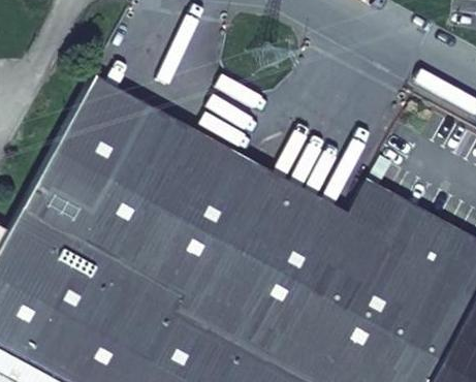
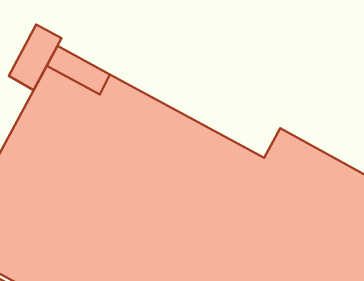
building: none -> [9,25,62,90]

